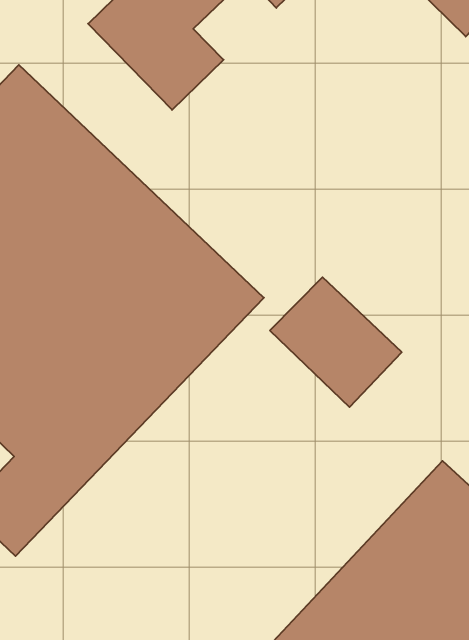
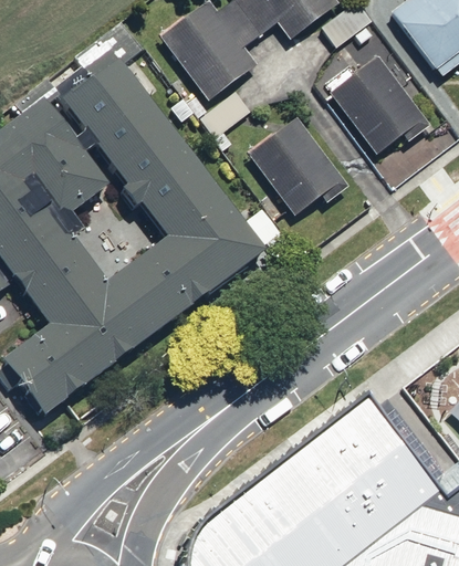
building: none -> [330,53,429,158]
building: [270,277,402,407] -> [250,117,345,217]

